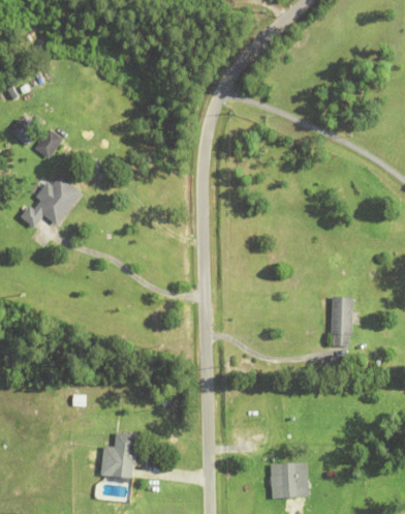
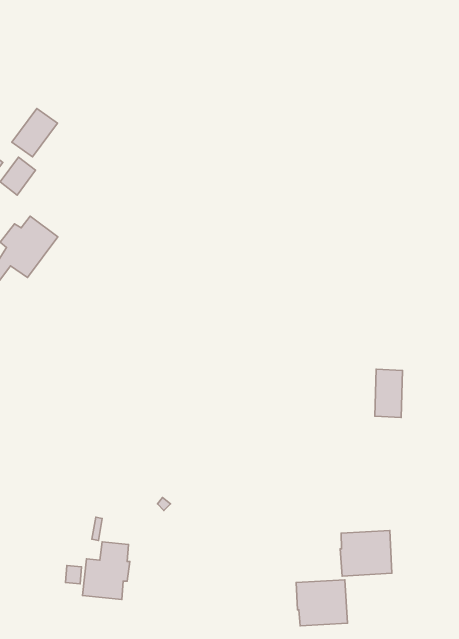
building: none -> [12,108,58,157]
building: none -> [340,530,392,576]

